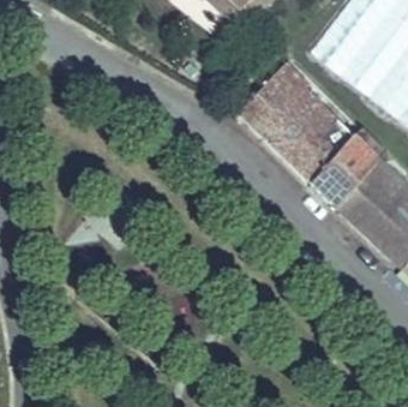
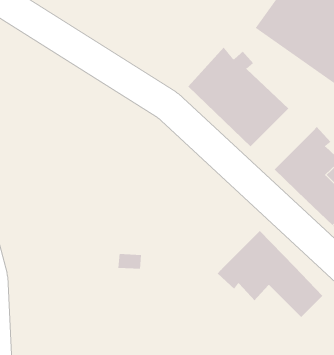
building: [308,139,376,205] -> none
building: none -> [217,230,323,318]

